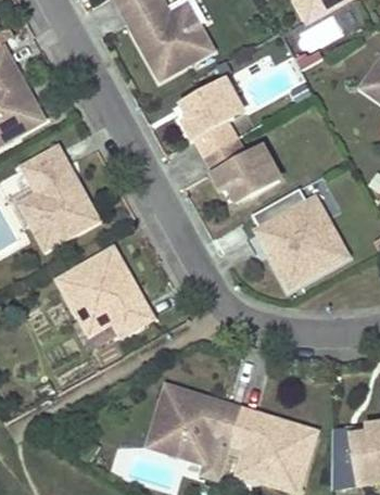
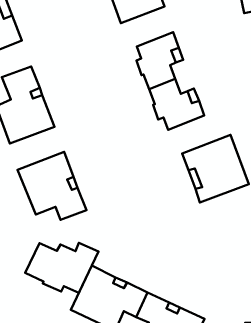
building: none -> [25,243,98,293]

